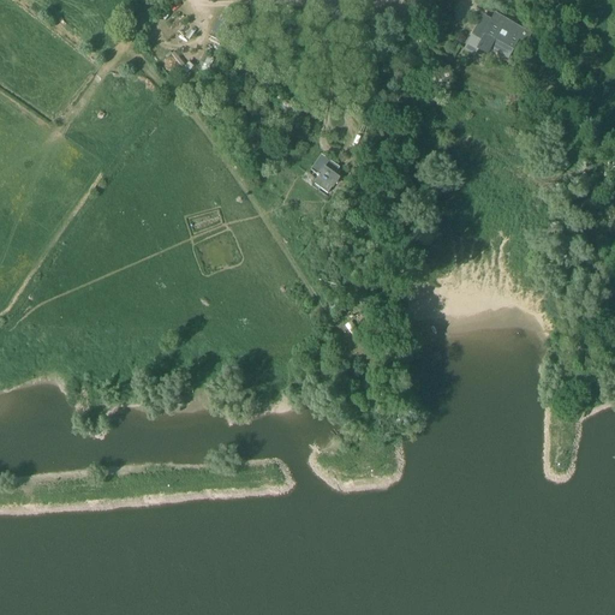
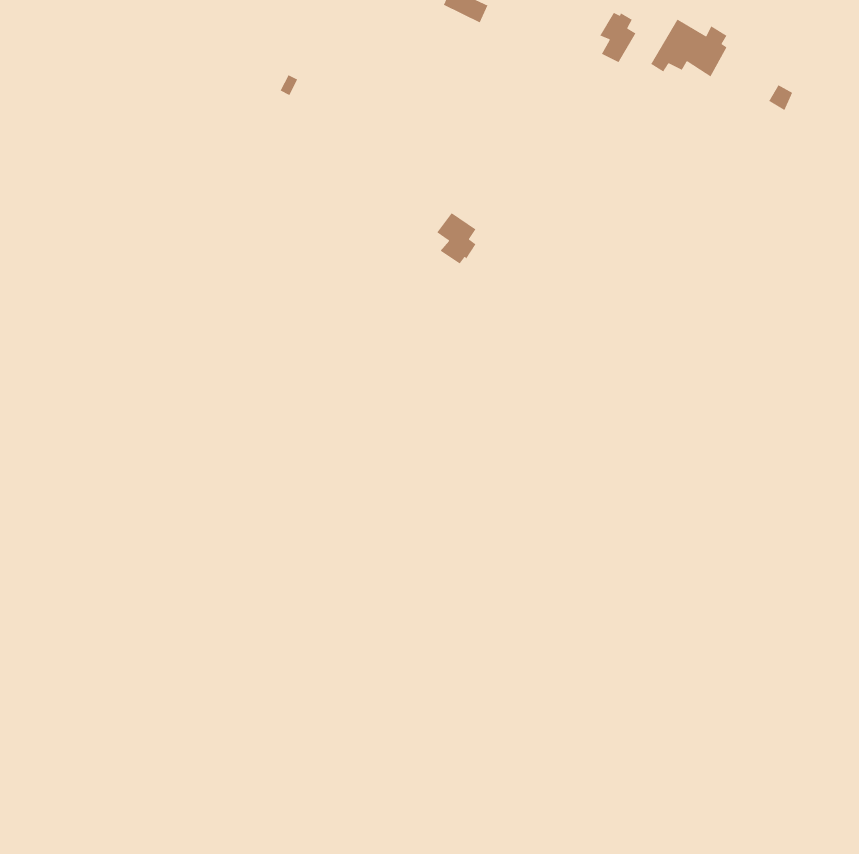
building: none -> [599,12,637,63]

